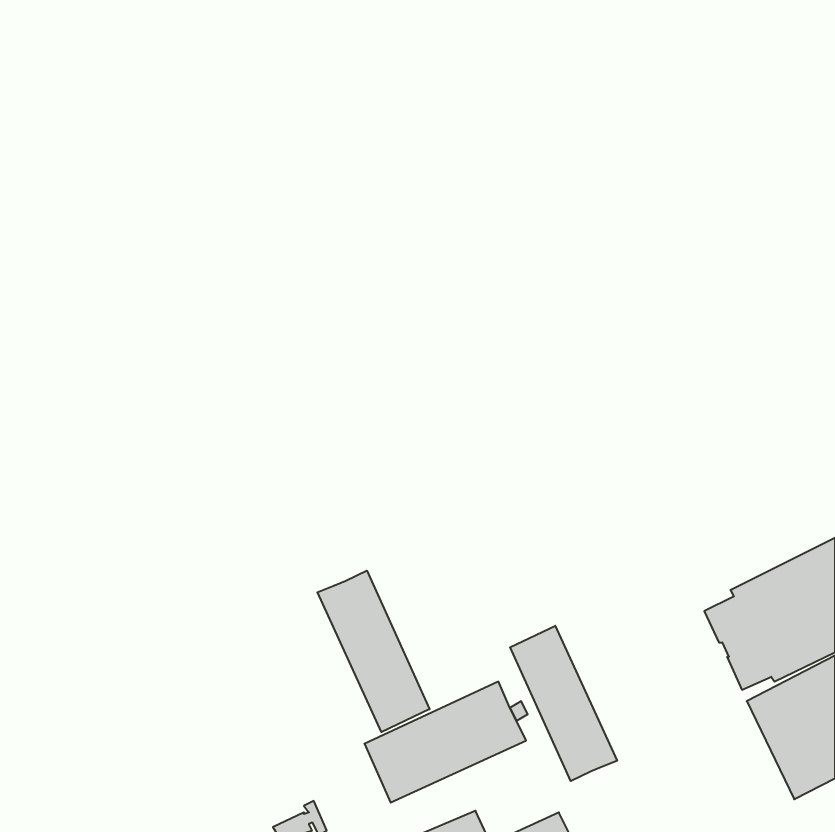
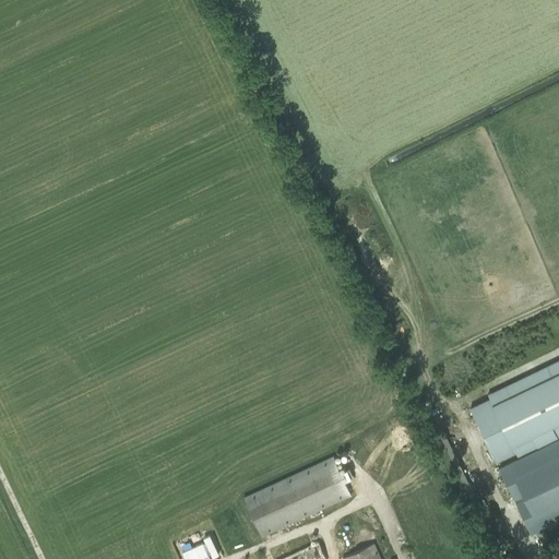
building: [317,571,430,732] -> none
building: [510,626,617,781] -> none

